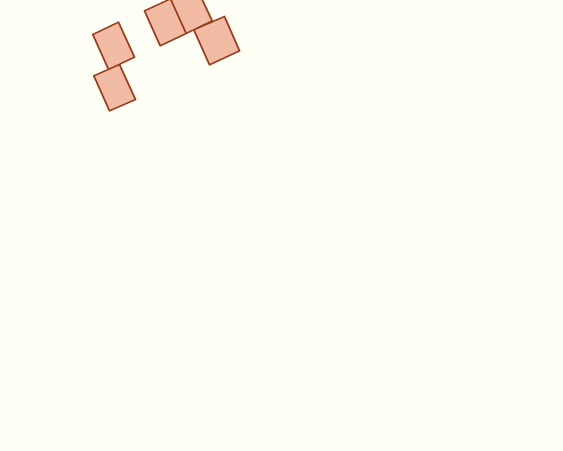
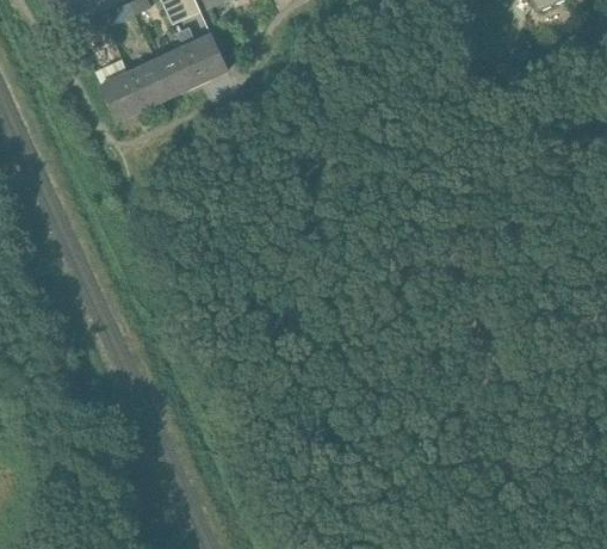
building: [194,17,240,65] -> none
building: [94,65,135,111] -> [129,58,173,107]

